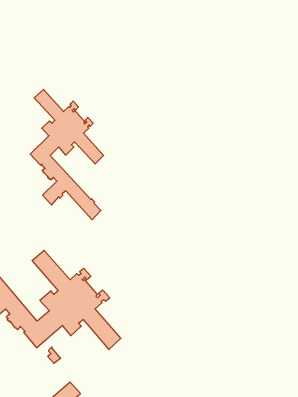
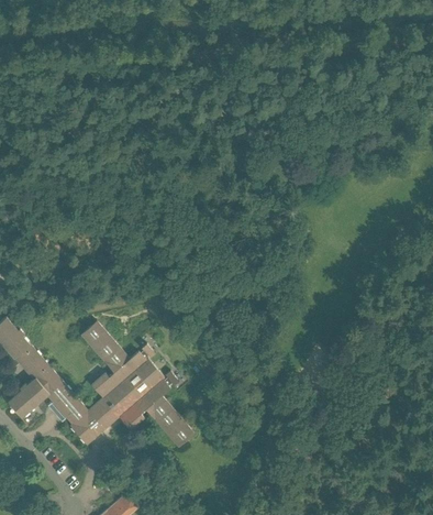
building: [30,89,104,220] -> none

